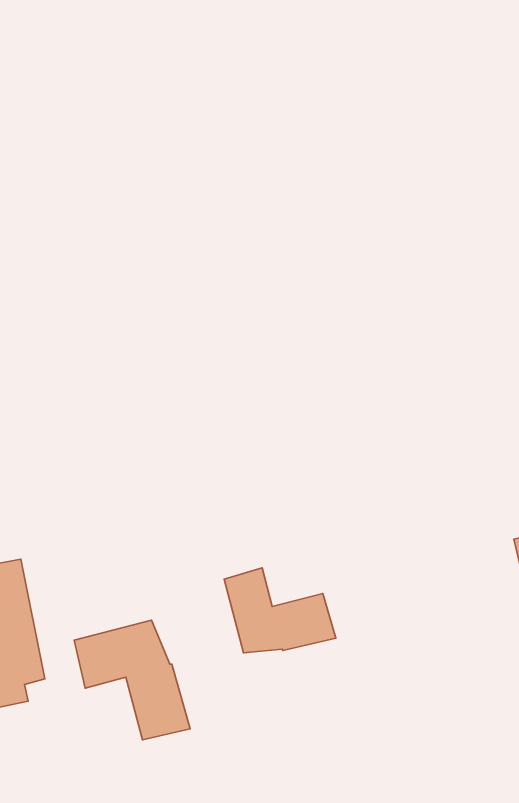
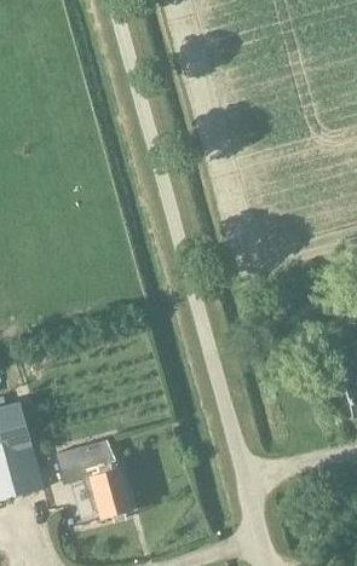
building: [224,568,336,653] -> none

